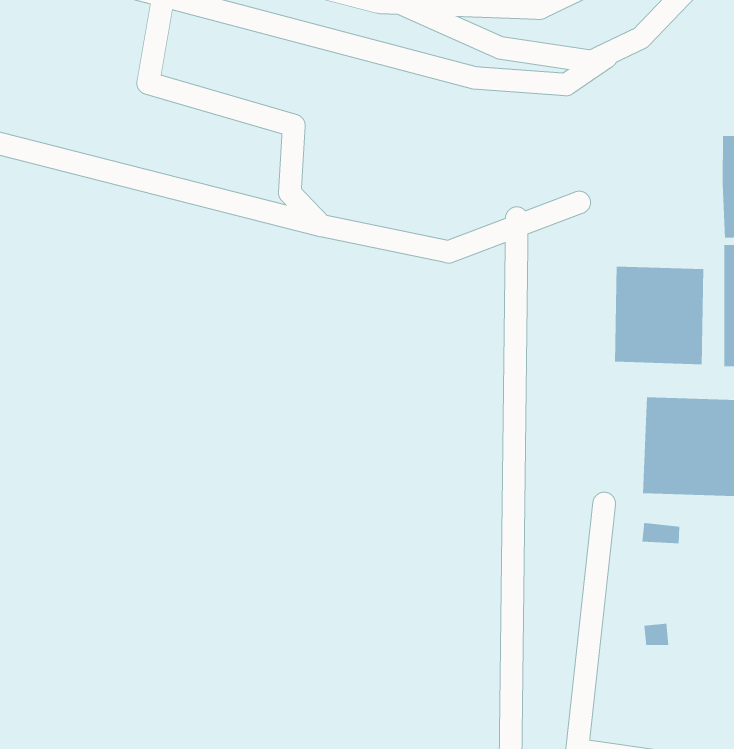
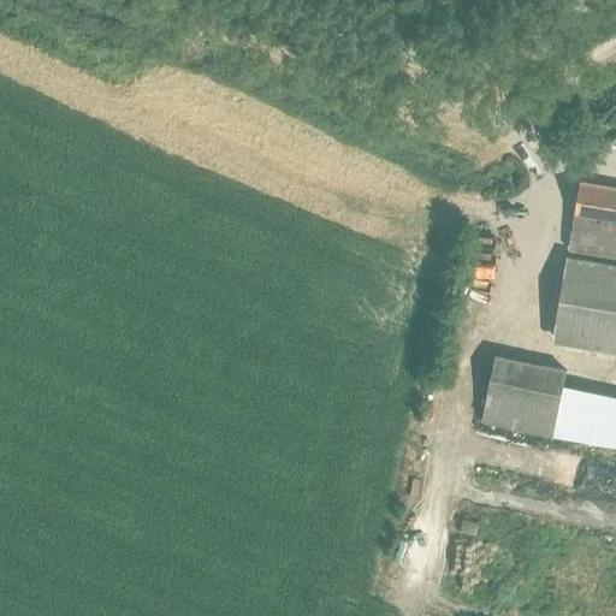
building: [614,266,704,365] -> none

